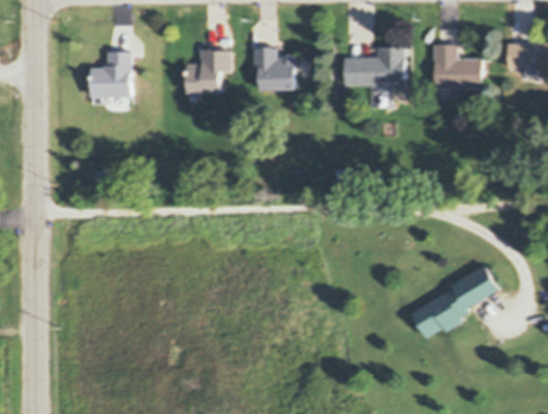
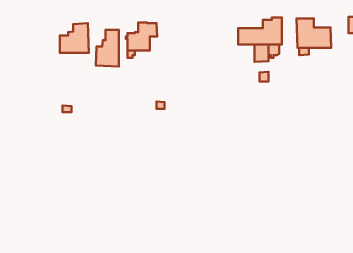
building: [251,46,294,89] -> none
building: none -> [96,30,119,66]
building: [413,265,503,337] -> none

